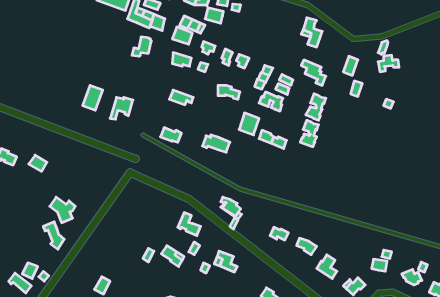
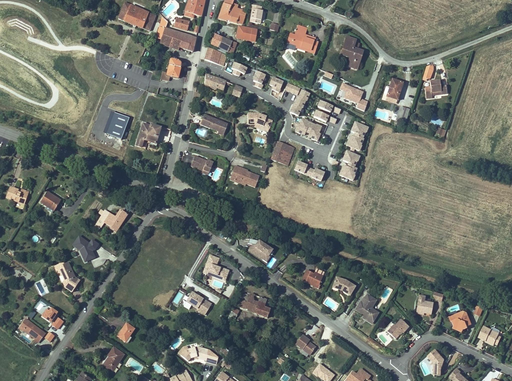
building: none -> [283,27,317,55]
building: none -> [99,207,131,230]

